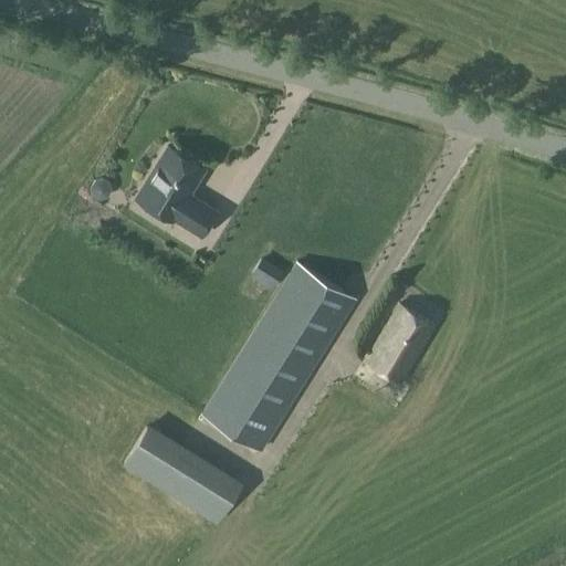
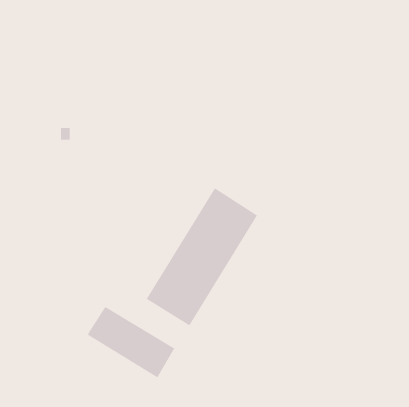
building: [136,149,214,237] -> none
building: [366,306,432,384] -> none

